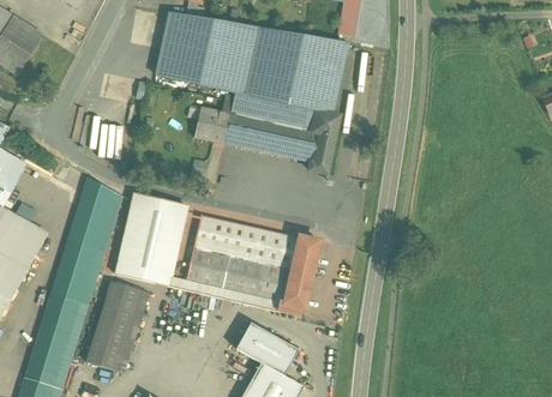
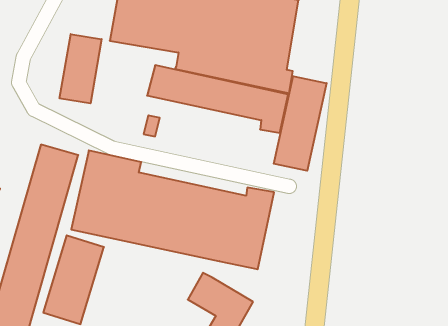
building: none -> [60,34,102,103]
building: none -> [274,76,327,171]

